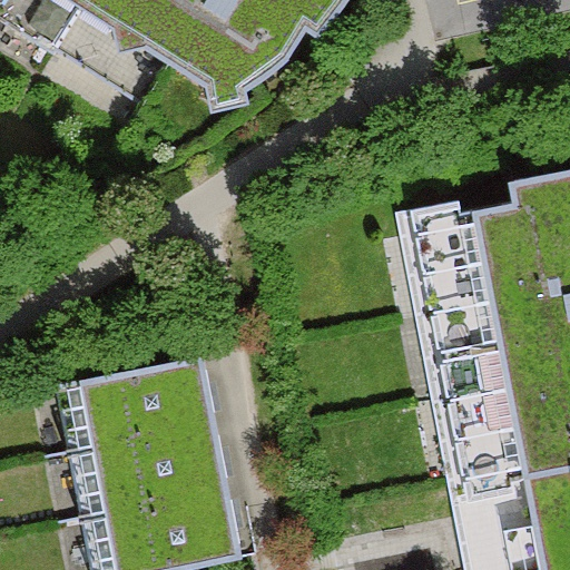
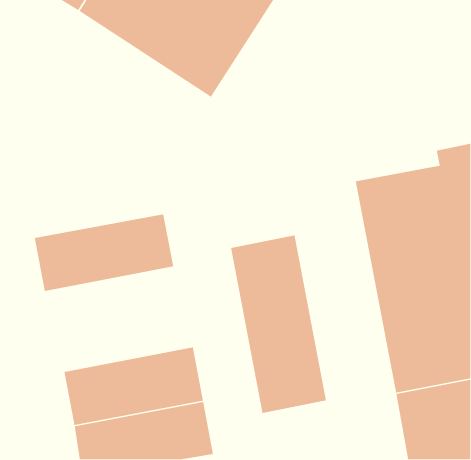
building: none -> [230,235,327,414]
building: [65,354,234,449] -> [34,213,174,292]

